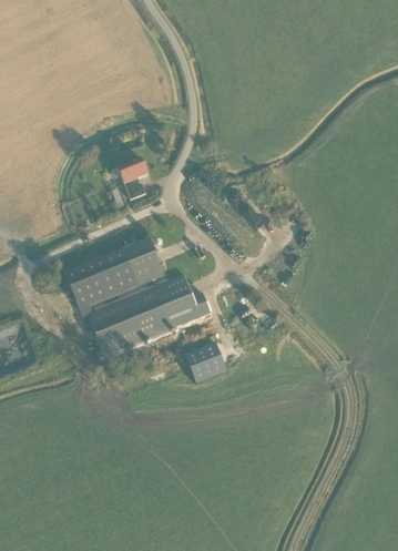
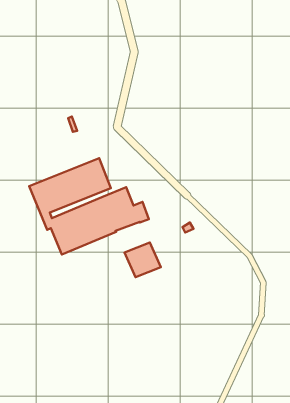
building: [119,159,149,201] -> none

